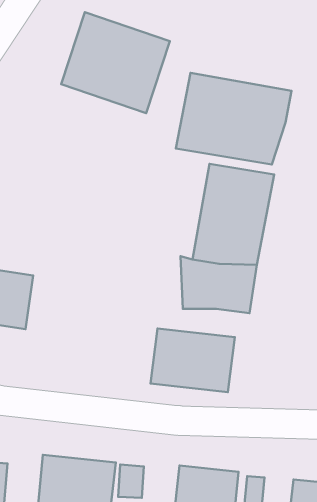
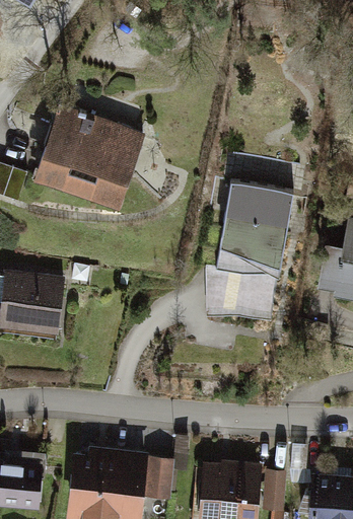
building: [61,12,170,113] -> [40,113,142,208]
building: [176,73,292,165] -> none
building: [150,329,235,392] -> none

